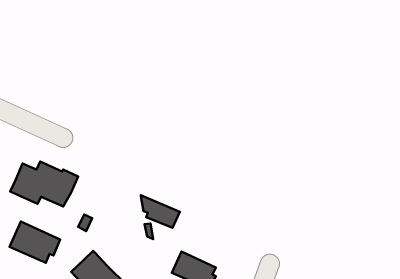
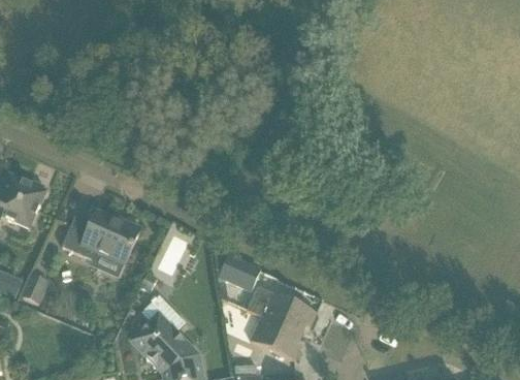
building: [10,221,60,263] -> none
building: none -> [247,285,316,334]

